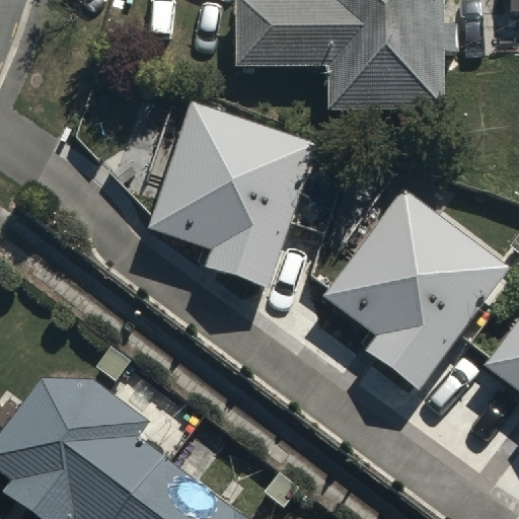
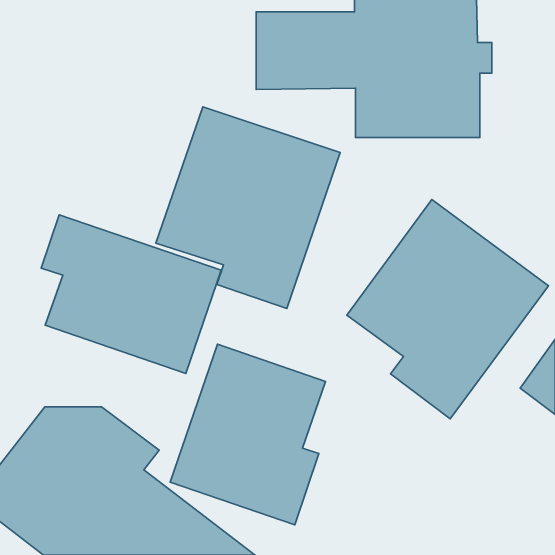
building: none -> [41,215,221,373]
building: none -> [170,344,326,525]

